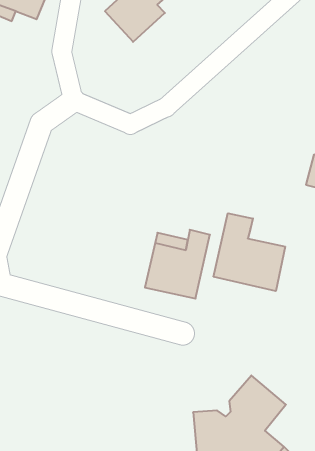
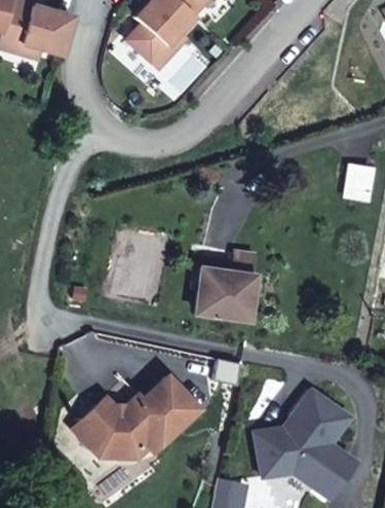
building: [214,213,285,291] -> none
building: none -> [77,377,197,451]

